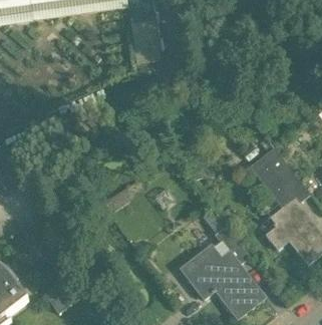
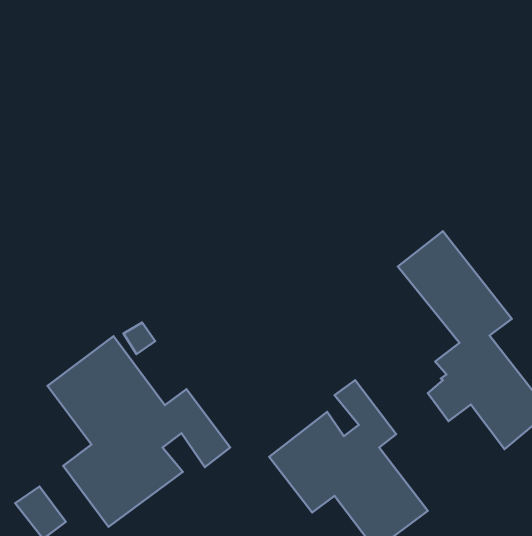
building: none -> [48,336,230,527]

